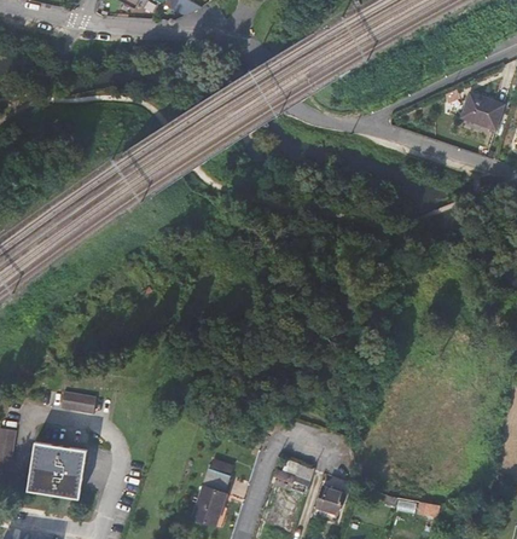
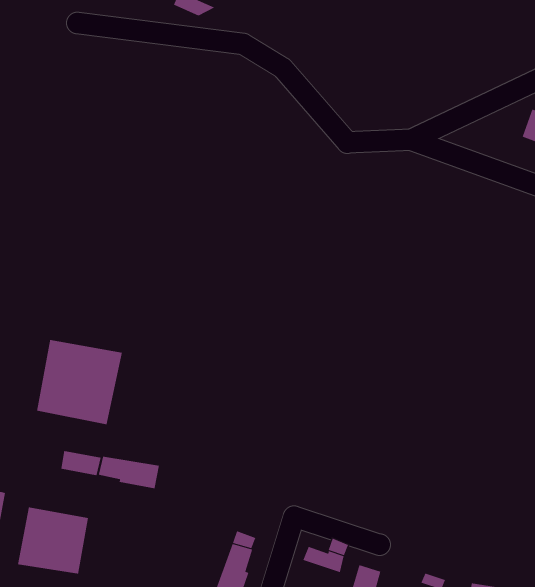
building: none -> [36,339,123,425]
building: none -> [98,456,160,489]

